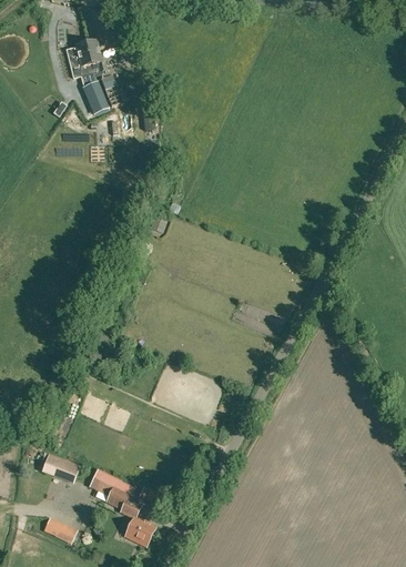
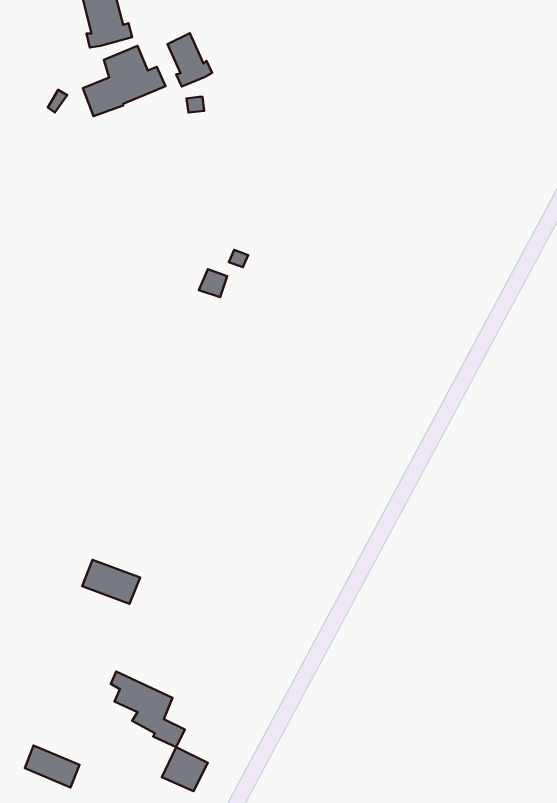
building: none -> [168,33,212,87]
building: [41,454,78,482] -> [82,560,140,604]

